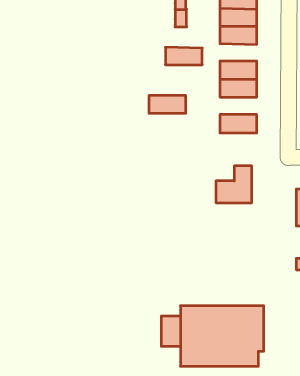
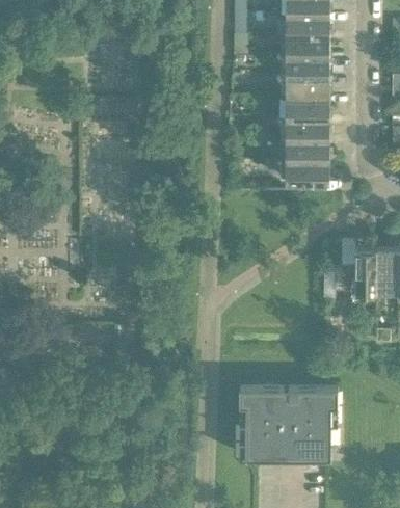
building: [165,47,202,65] -> [285,78,328,99]
building: [149,96,186,113] -> [285,141,328,162]
building: [216,166,252,203] -> [332,250,375,294]
building: [161,316,180,346] -> none

